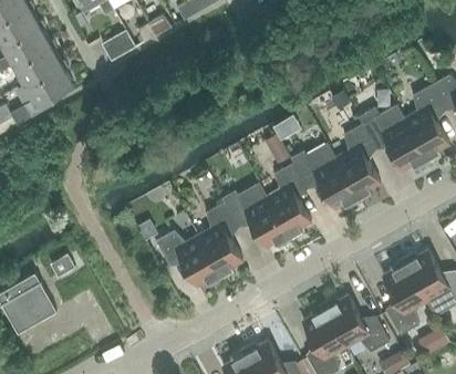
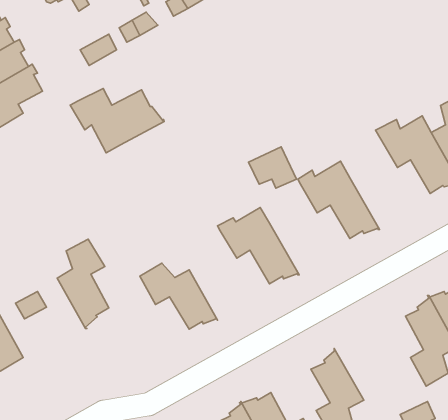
building: none -> [70,88,164,153]
building: [335,124,381,201] -> none
building: [267,163,312,240] -> none
building: [198,202,242,279] -> [57,239,109,328]
building: [322,295,390,352] -> none

